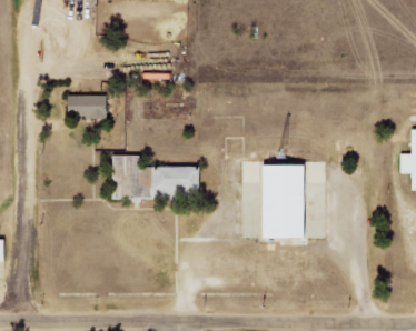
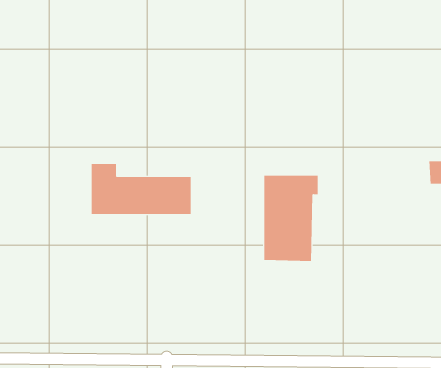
building: [67,94,103,117] -> none

